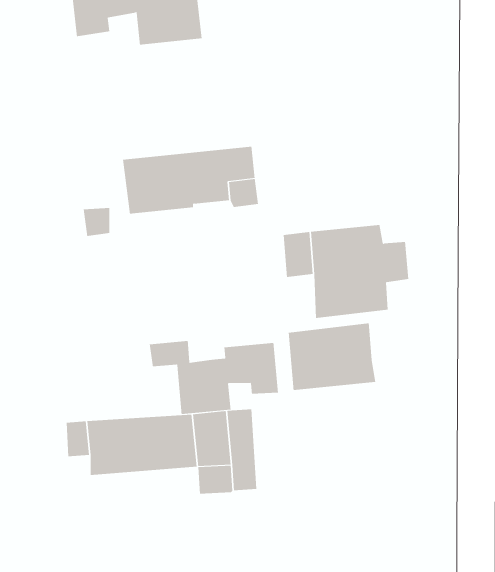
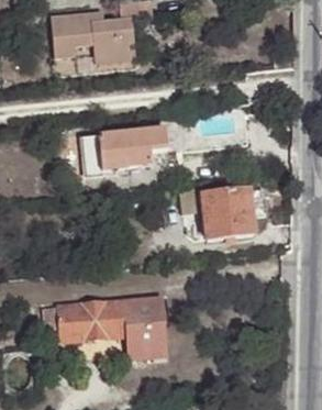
building: [288,323,376,391] -> none
building: [149,340,278,415] -> none

